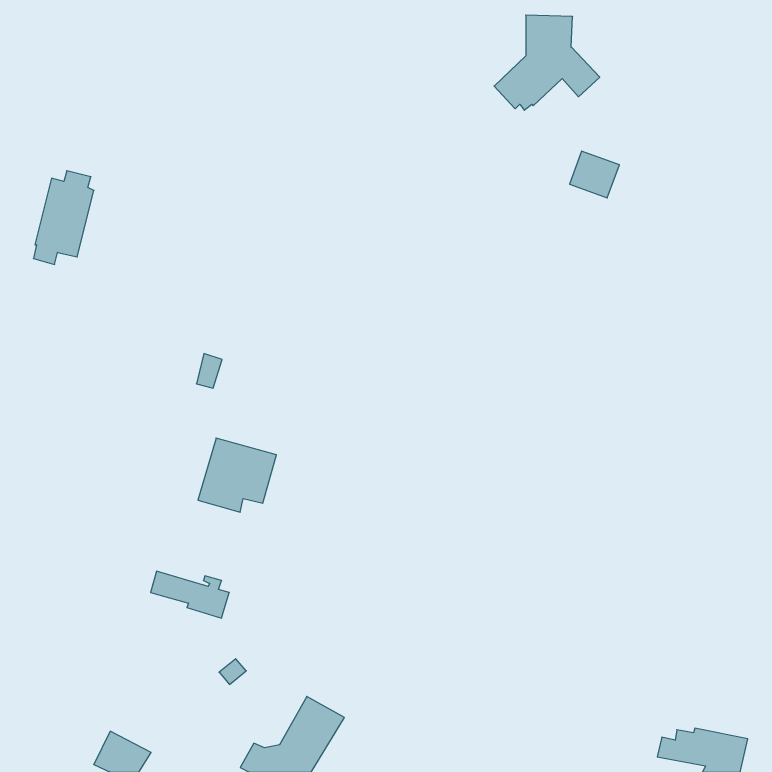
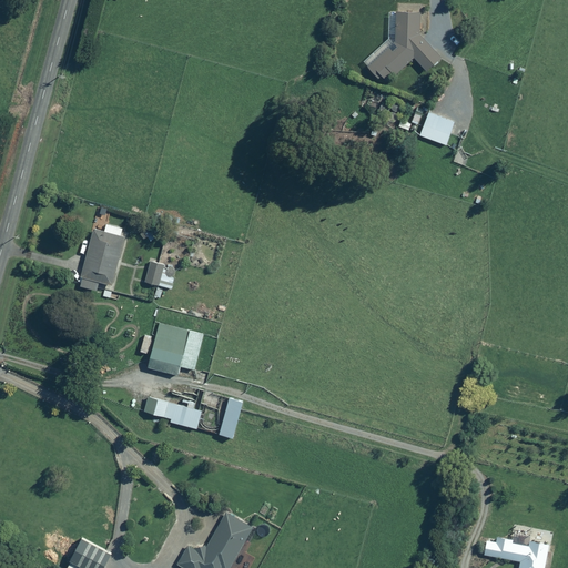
building: [33,171,94,264] -> [80,223,124,292]
building: none -> [217,397,242,438]
building: [151,571,229,618] -> [143,395,201,429]

